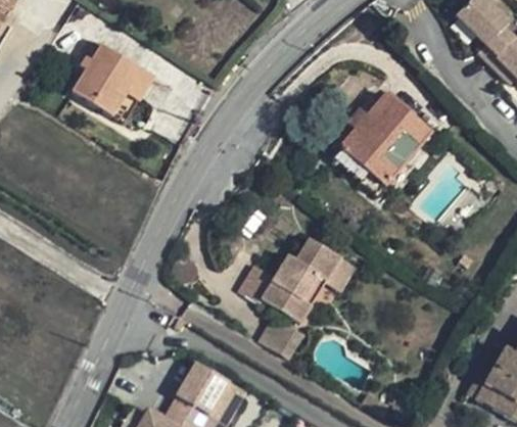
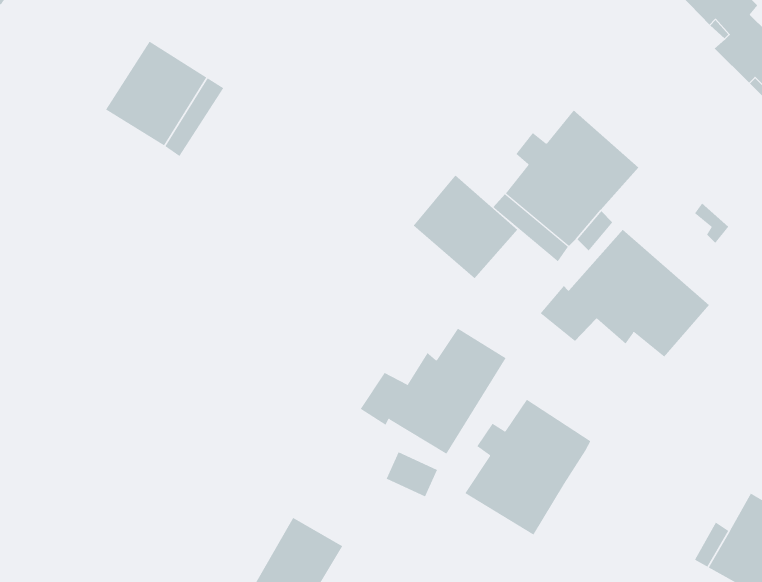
building: none -> [413,175,518,279]
building: none -> [540,229,710,357]
building: none -> [465,399,591,536]

